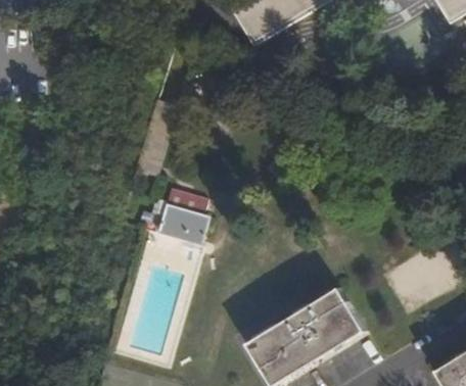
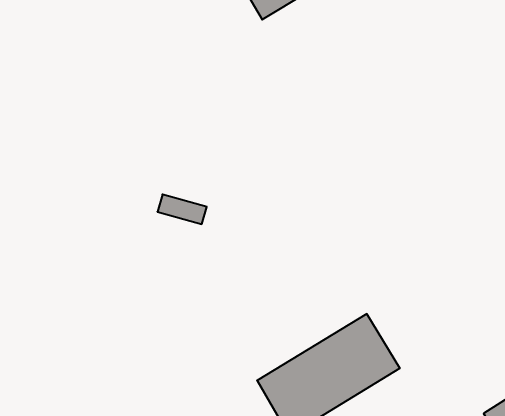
building: [156,204,208,245] -> none

